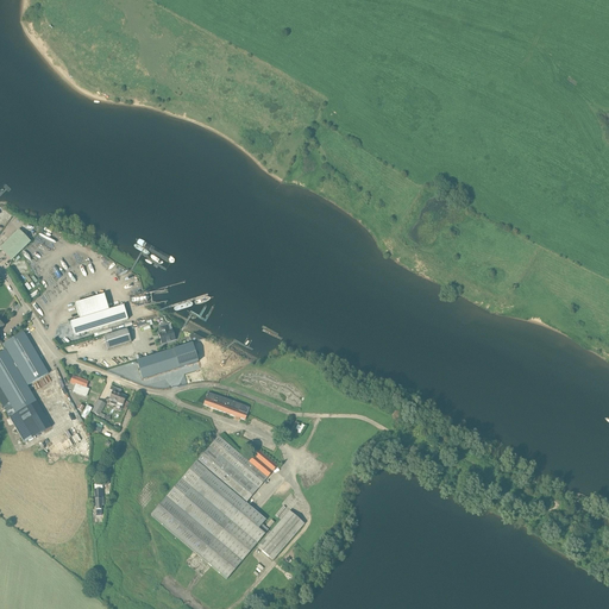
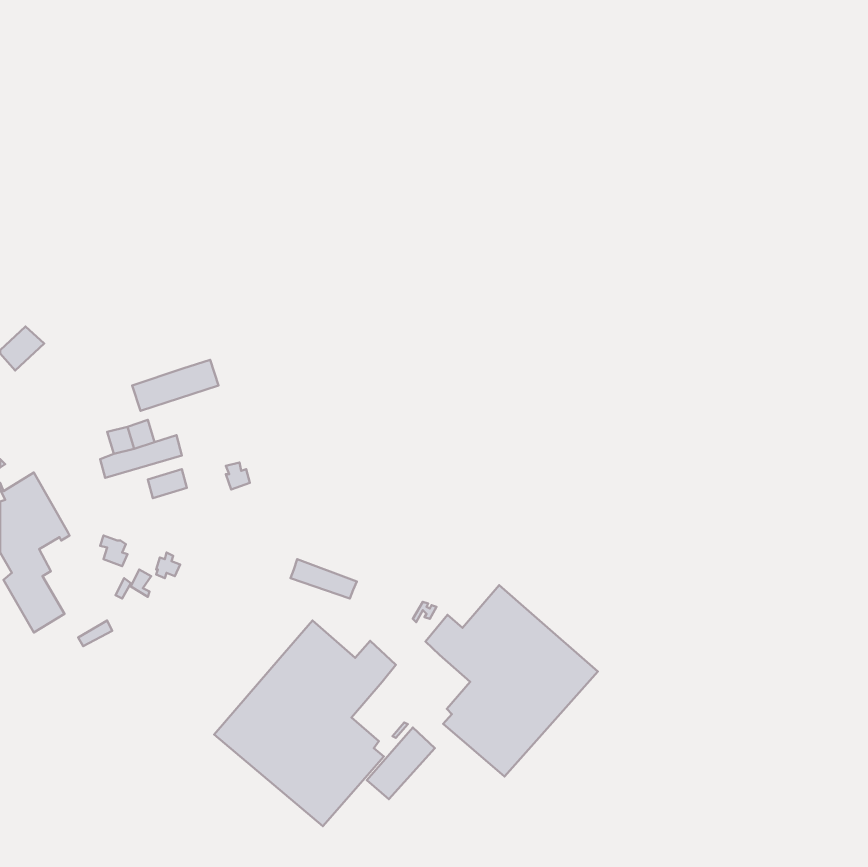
building: [137,343,197,378] -> [132,360,219,411]
building: none -> [426,585,598,776]

